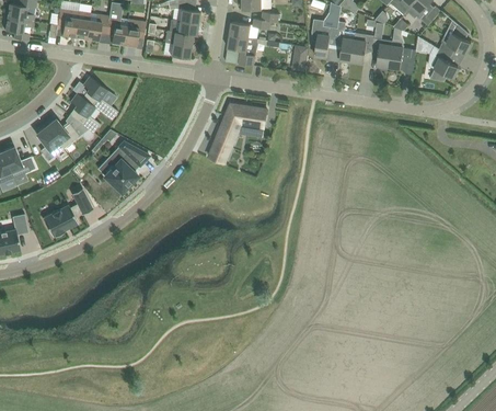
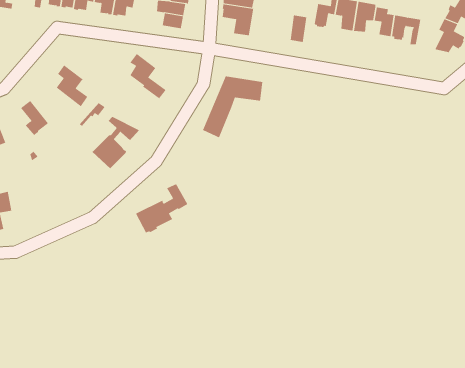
building: [82,76,117,119] -> [130,53,166,99]
building: [45,118,79,148] -> none
building: [42,189,92,236] -> [135,184,188,233]

